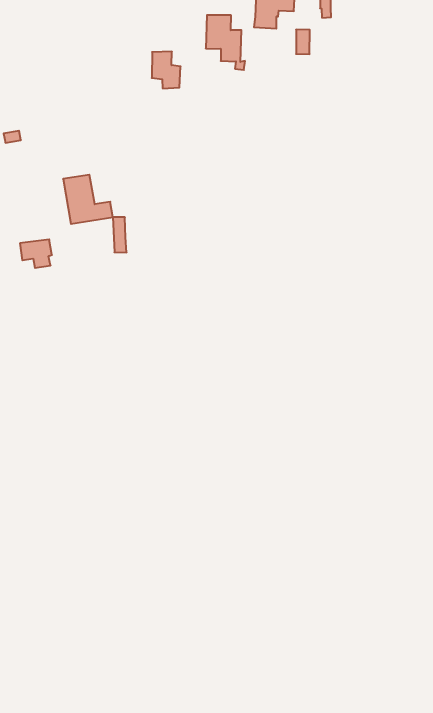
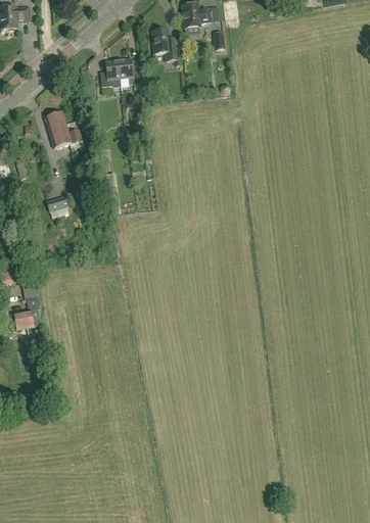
building: none -> [100,59,121,85]
building: [63,175,113,224] -> [45,111,82,146]

